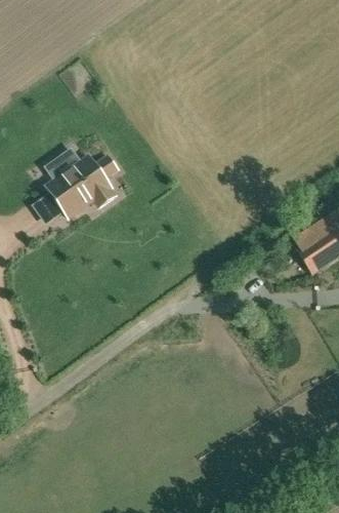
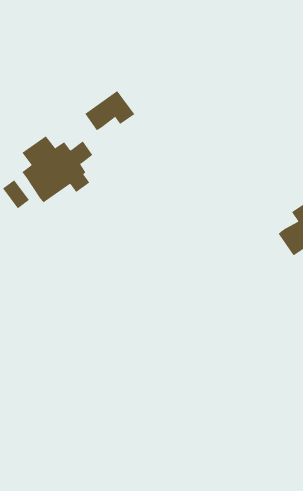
building: none -> [84,90,135,131]

